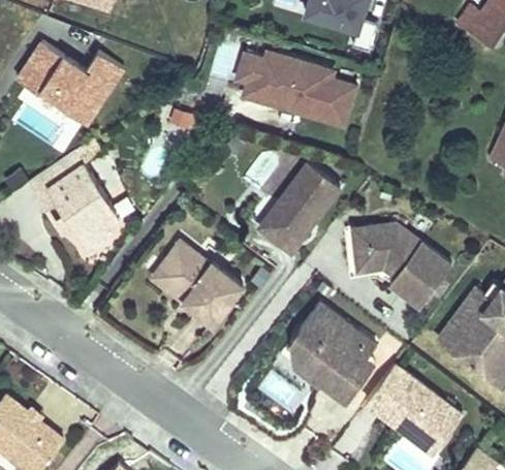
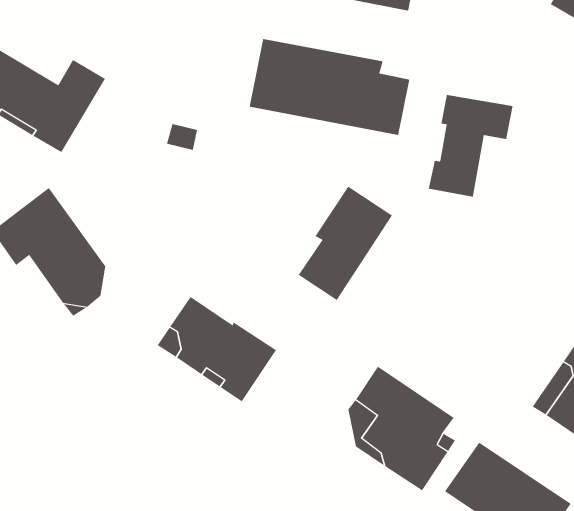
building: none -> [428,94,513,198]
building: [353,223,452,306] -> none

